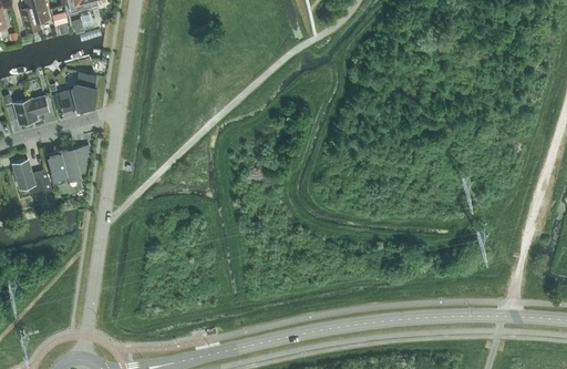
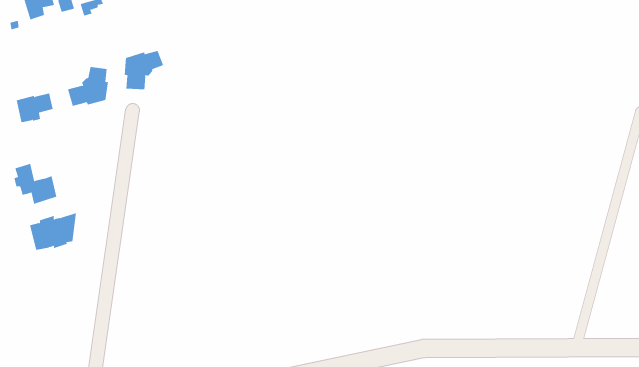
building: none -> [124,50,164,90]
building: [45,146,87,180] -> [29,213,77,250]

